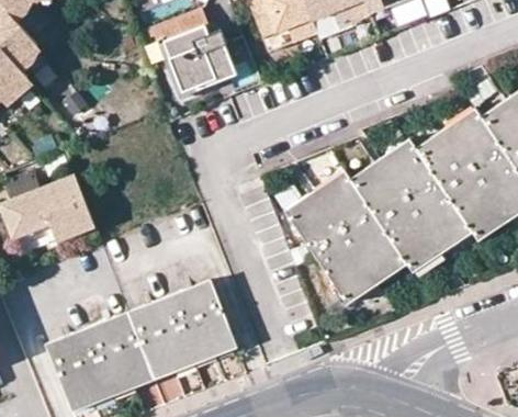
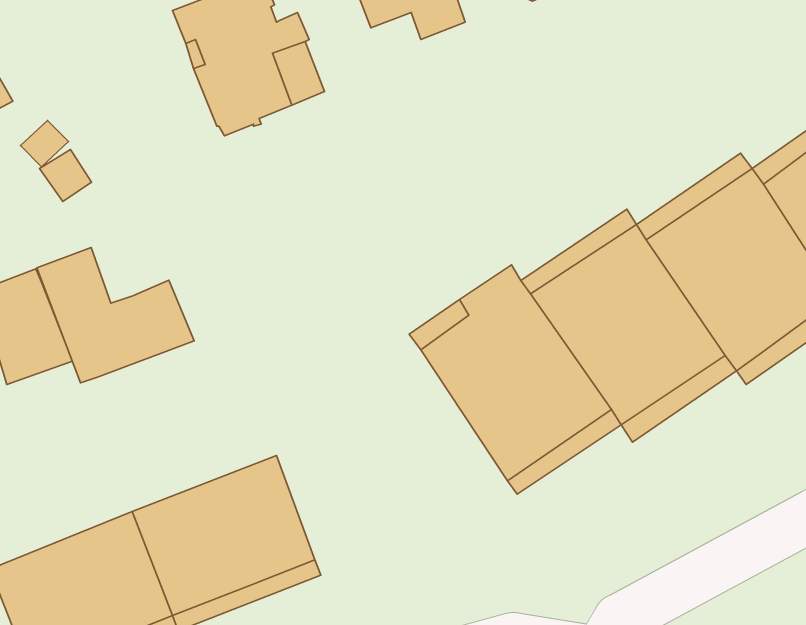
building: none -> [37,247,194,383]

